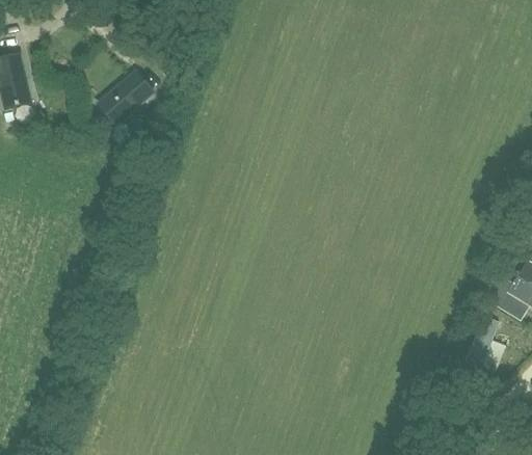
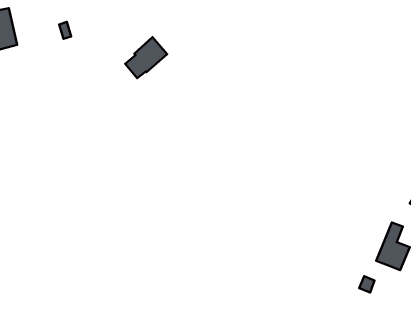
building: [99,71,150,121] -> [125,37,167,78]

